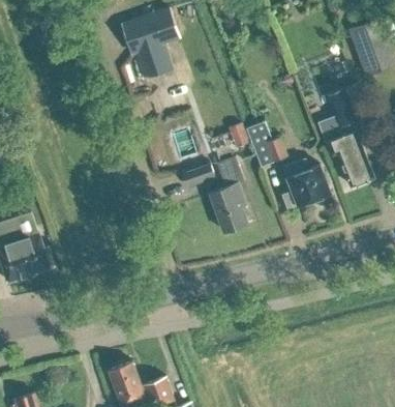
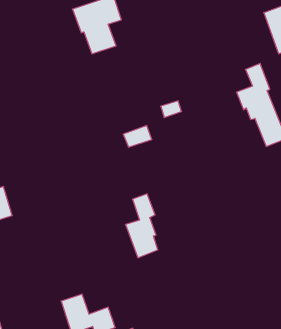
building: [246,121,286,167] -> none
building: [208,156,246,232] -> [125,194,158,258]
building: [281,158,330,208] -> none

